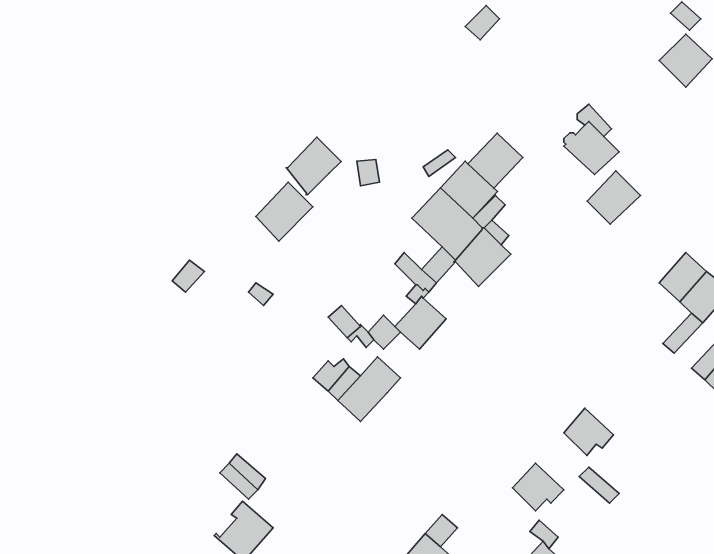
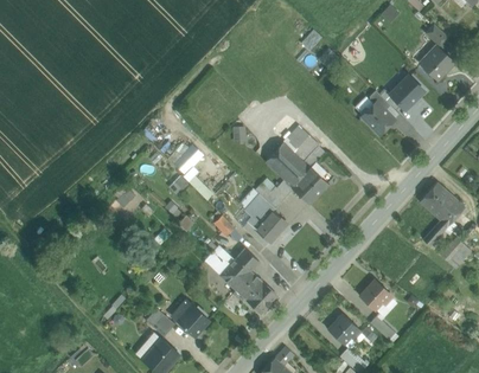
building: [468,133,523,188] -> none
building: [286,137,341,195] -> none
building: [587,171,641,224] -> [390,76,423,109]
building: none -> [234,270,276,313]
building: none -> [174,302,210,337]

